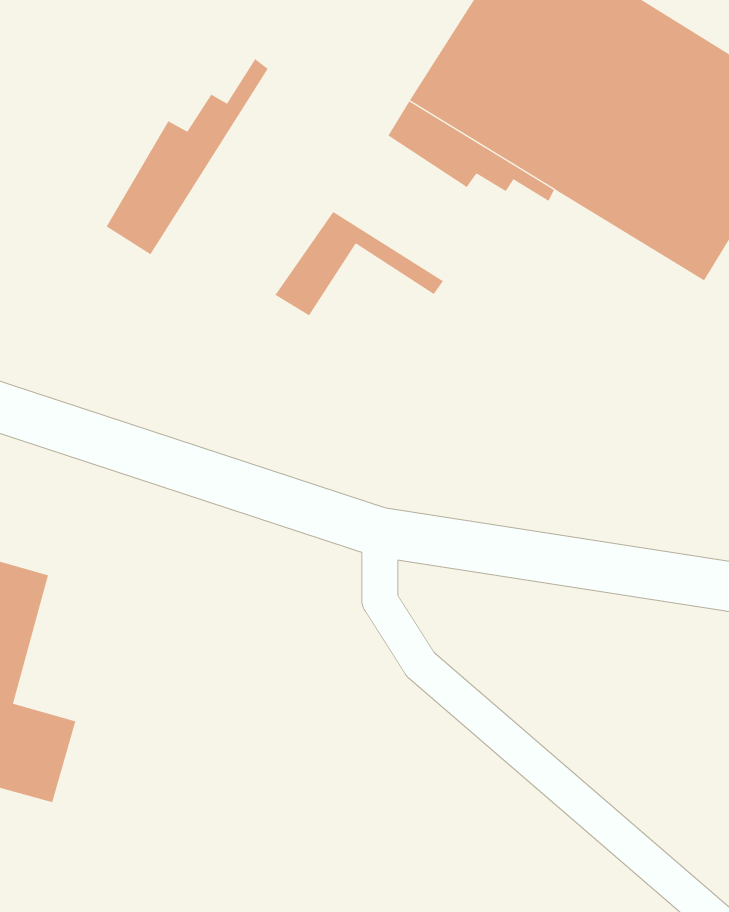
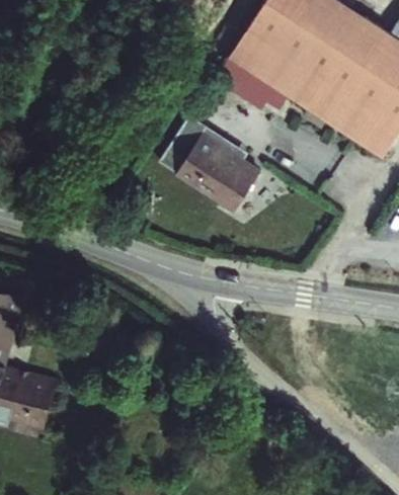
building: [106,58,268,255] -> none
building: none -> [177,134,259,209]

